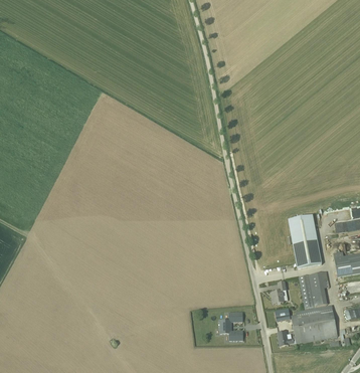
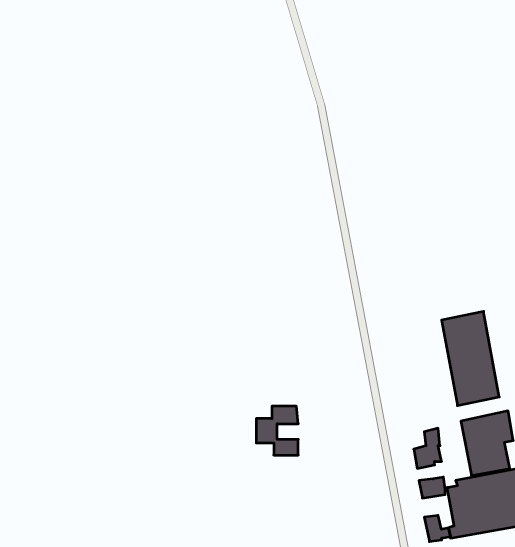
building: [219,312,243,340] -> [256,406,298,455]

